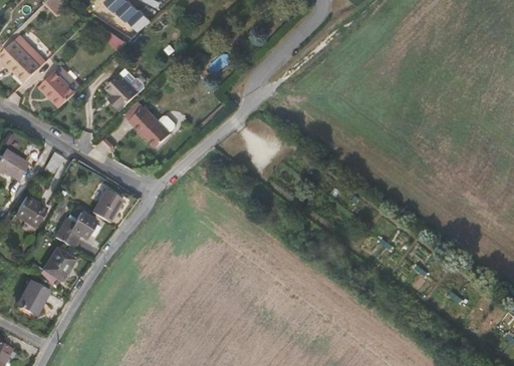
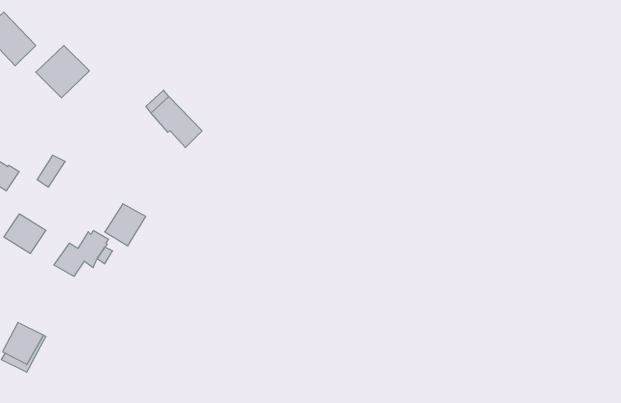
building: [106,69,146,106] -> none
building: [34,247,73,287] -> none

